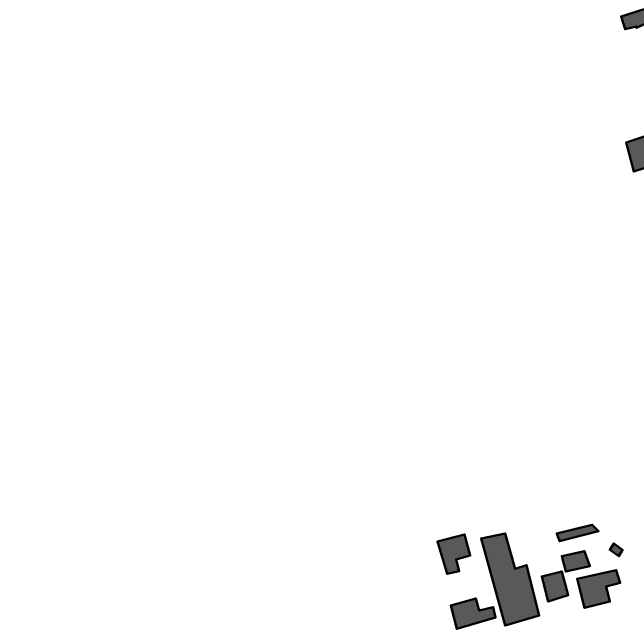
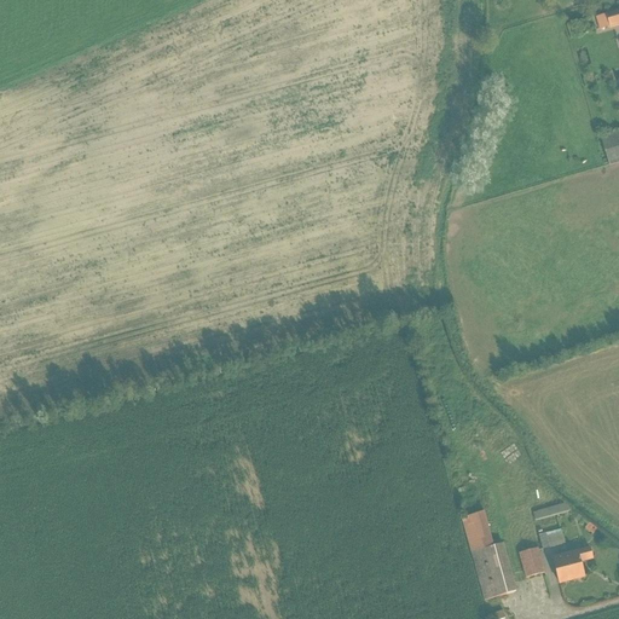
building: [437,534,470,574] -> none
building: [451,598,496,629] -> none

